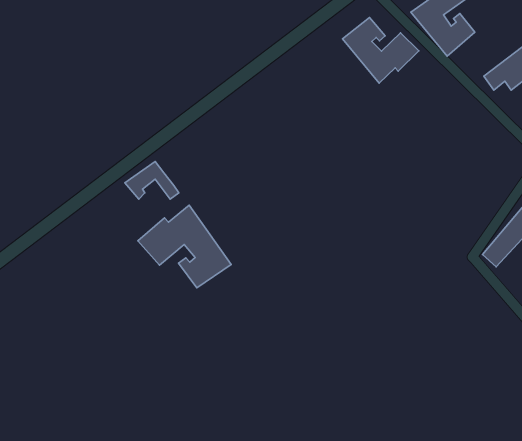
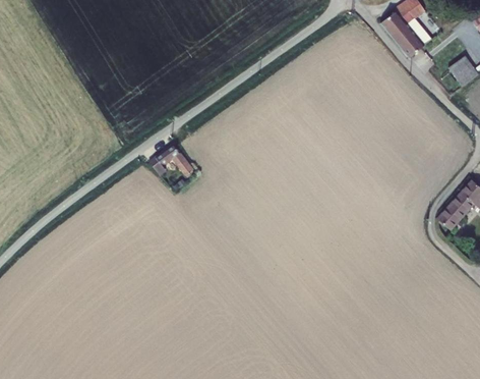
building: [342,17,419,83] -> none
building: [138,205,231,288] -> none

